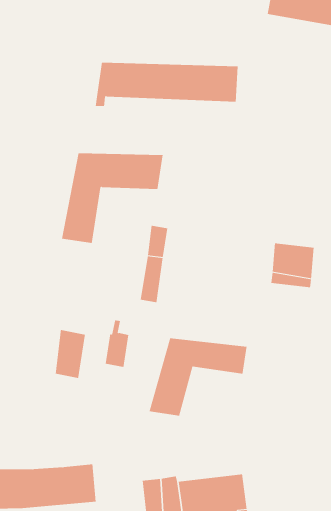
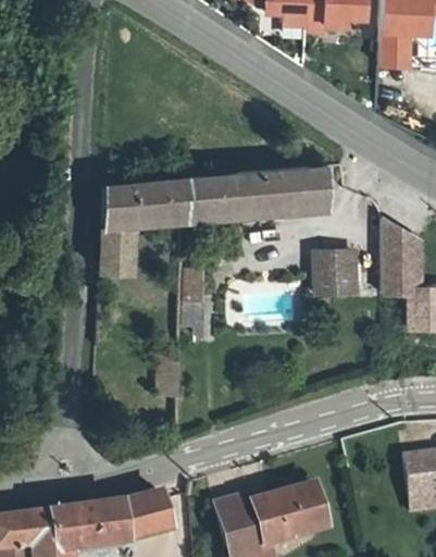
building: [95,62,238,107] -> [194,165,333,222]
building: [55,329,85,379] -> none
building: [149,338,247,417] -> none

